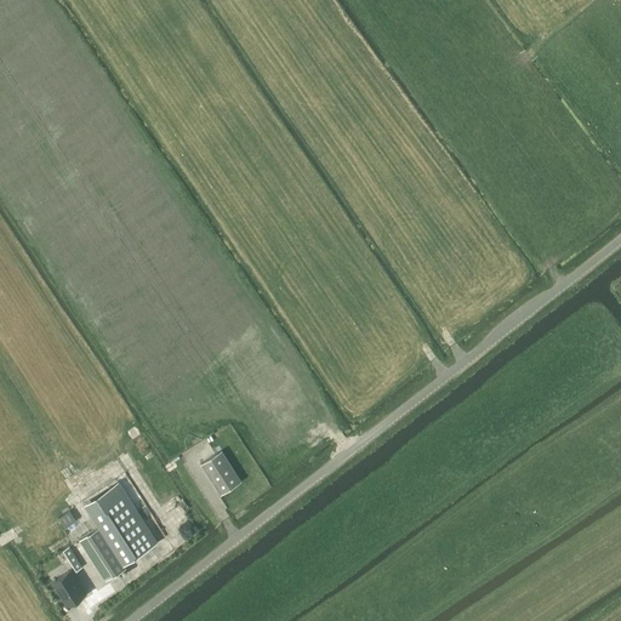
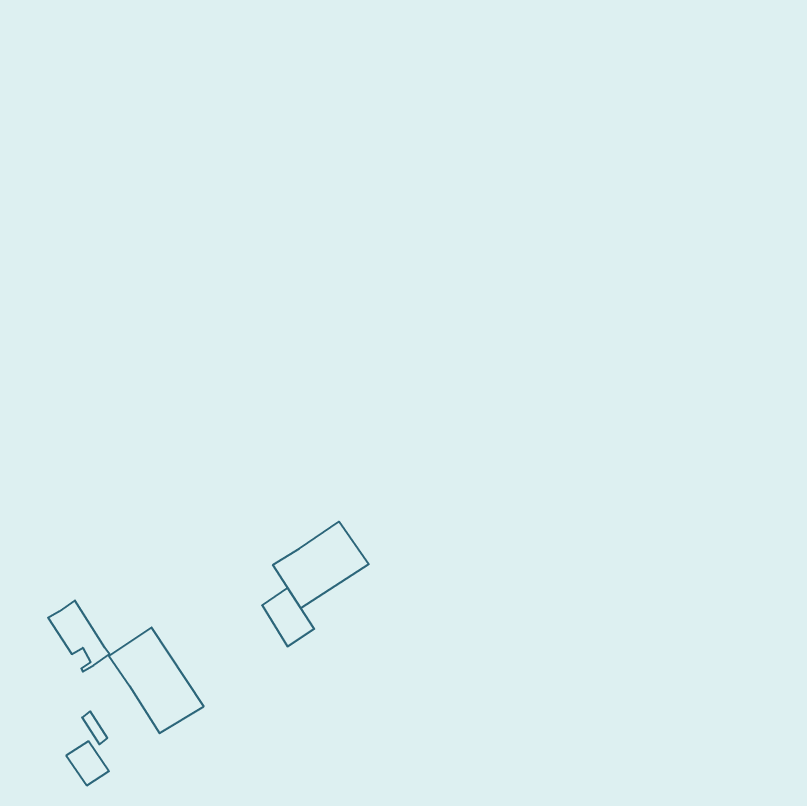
building: none -> [273,522,369,608]
building: [79,528,126,582] -> [48,600,110,672]

